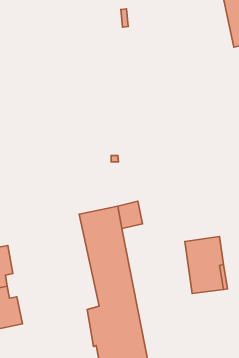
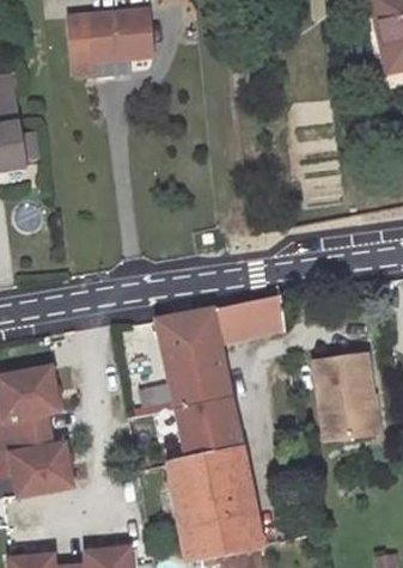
building: none -> [69,11,153,73]
building: none -> [244,294,285,335]

